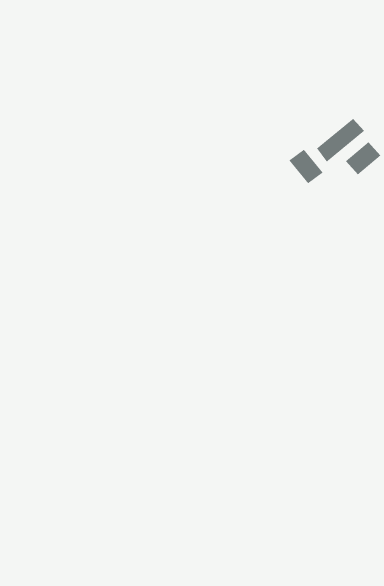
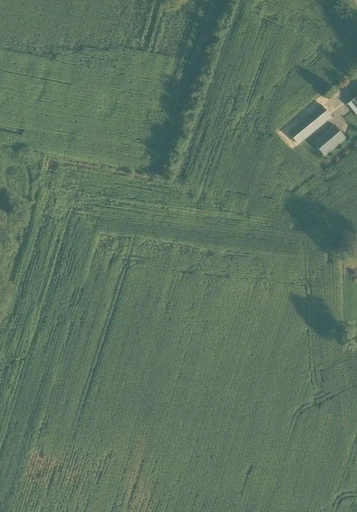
building: [289,149,323,184] -> none

